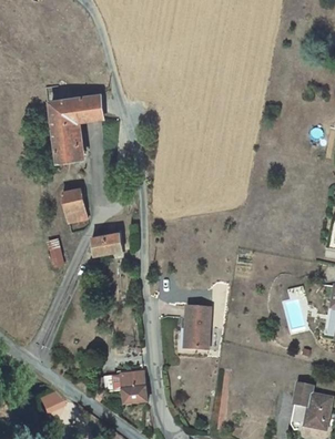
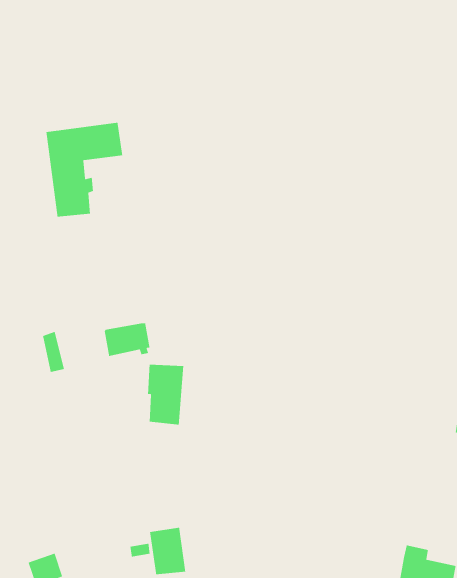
building: [62,187,85,221] -> none
building: [185,307,211,349] -> [147,364,184,425]

